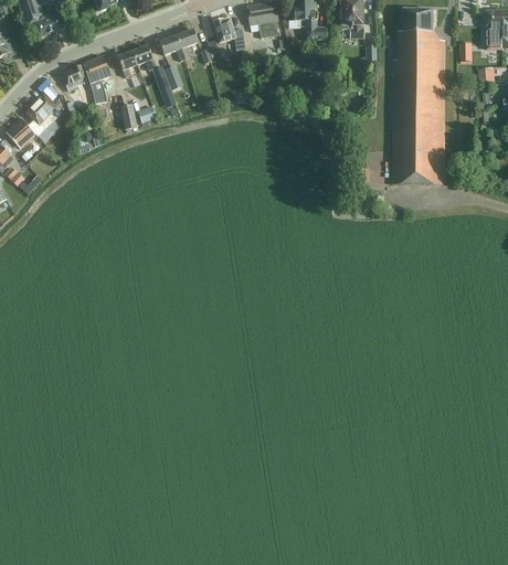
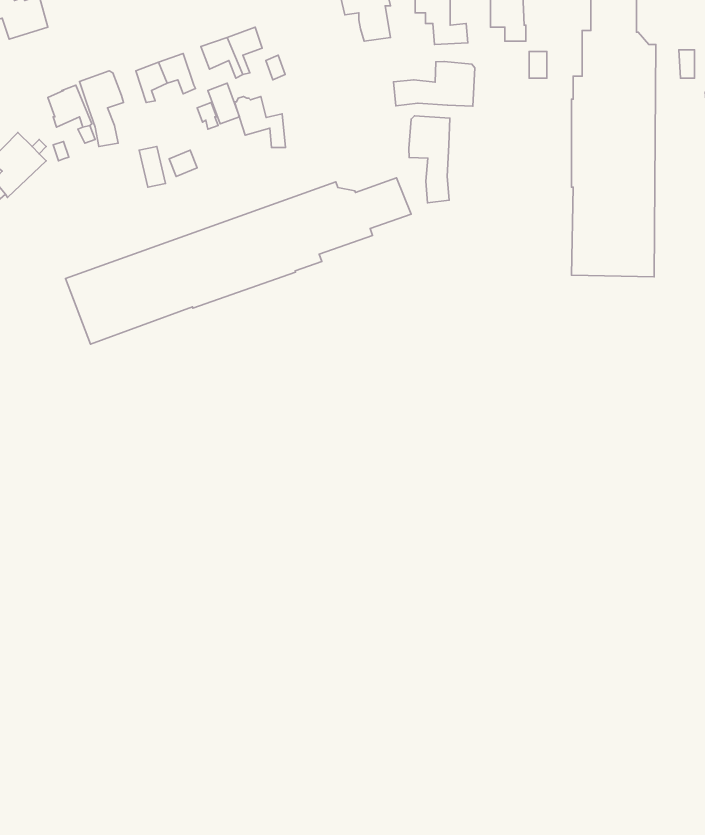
building: [212,17,244,49] -> [235,96,286,147]
building: none -> [393,62,475,106]
building: none -> [409,116,450,203]
building: none -> [65,178,411,344]

